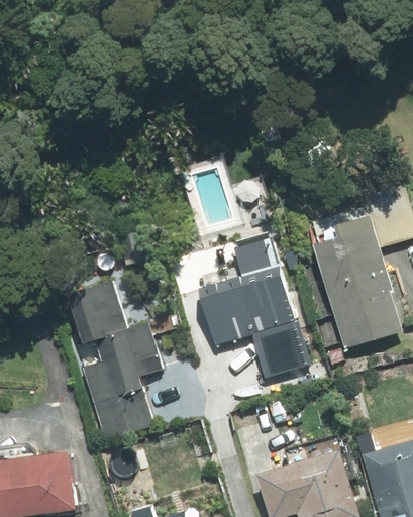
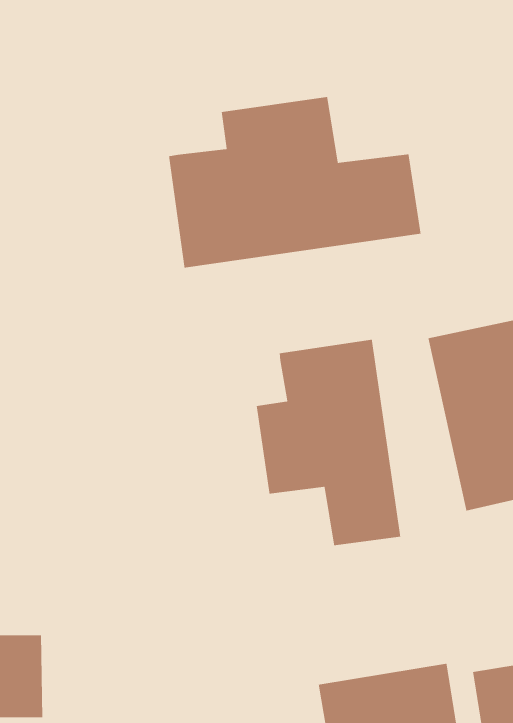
building: none -> [168,96,422,269]
building: [69,277,162,442] -> none

